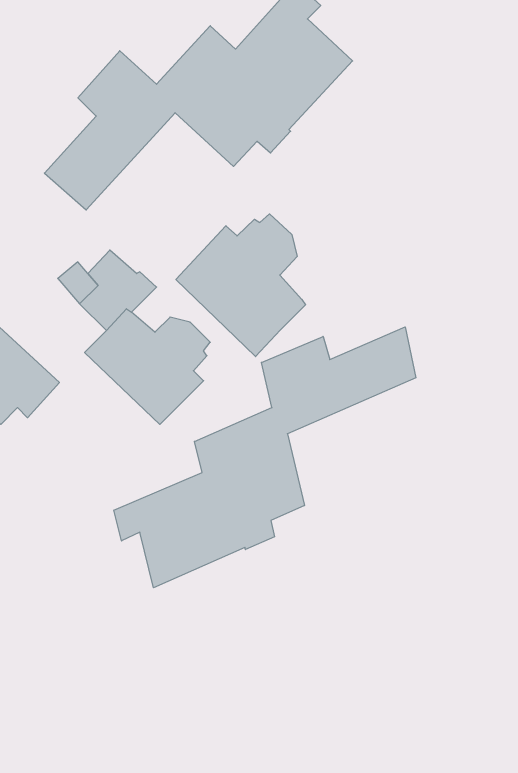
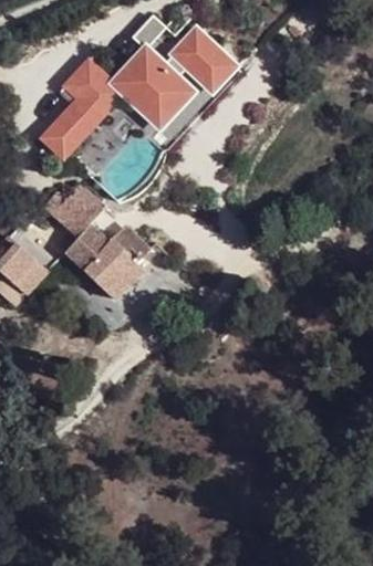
building: [176,214,306,357] -> none
building: [114,327,416,588] -> none

